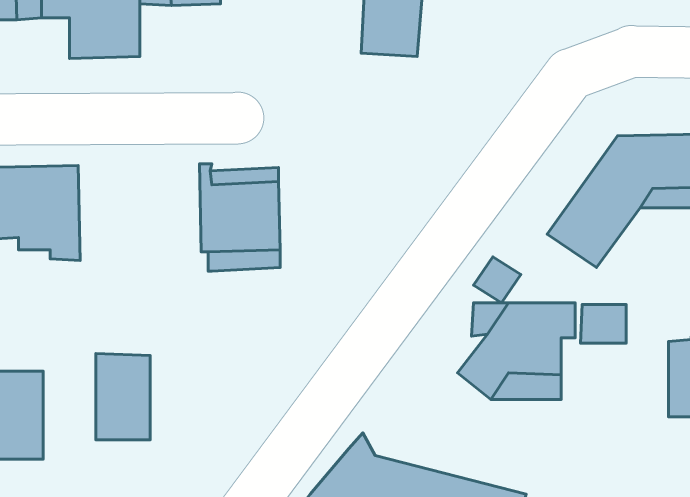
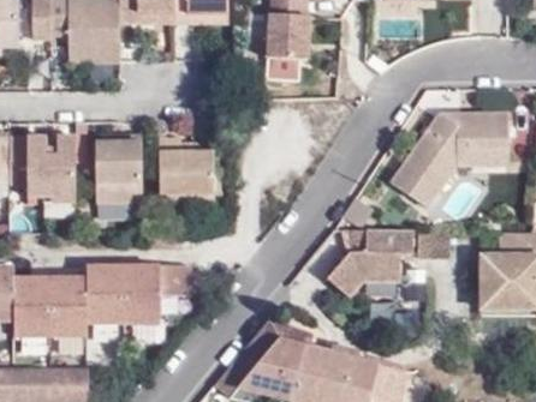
building: none -> [91,136,142,199]
building: none -> [123,265,191,324]
building: none -> [49,277,85,337]

